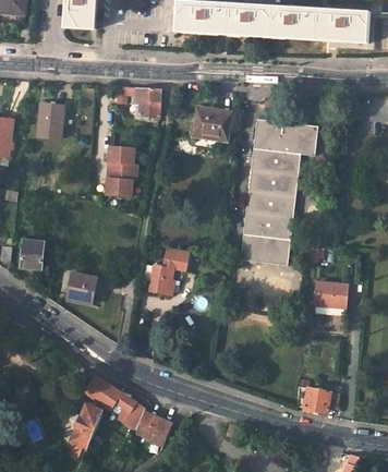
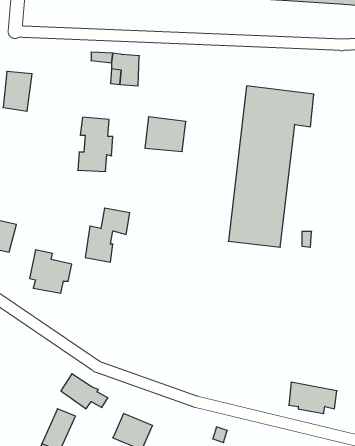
building: [194,107,231,138] -> [145,117,186,152]
building: [147,245,187,294] -> [85,208,130,262]
building: [312,282,347,307] -> none
building: [119,395,150,431] -> none

